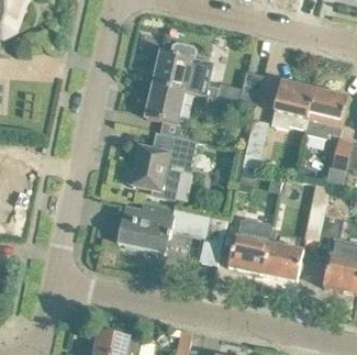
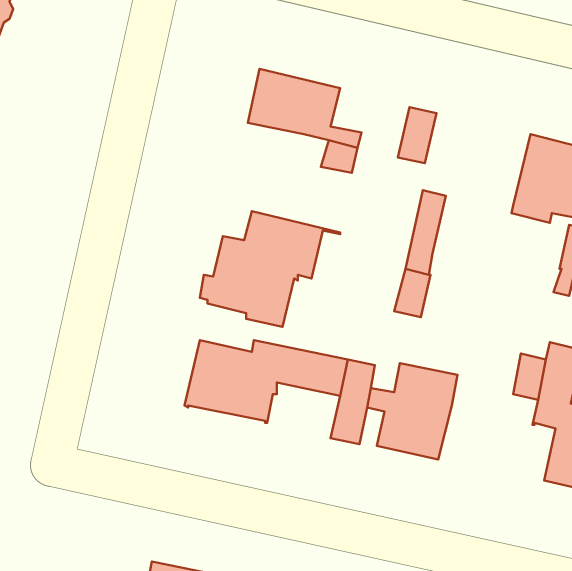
building: [270,79,314,127] -> none
building: [144,80,194,138] -> none
building: [261,242,302,279] -> none

